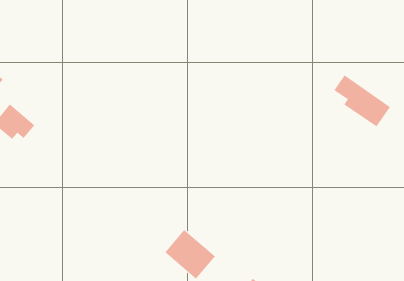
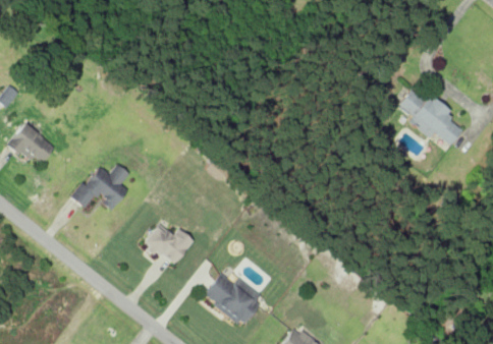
building: none -> [70,164,129,210]
building: none -> [144,225,194,267]

